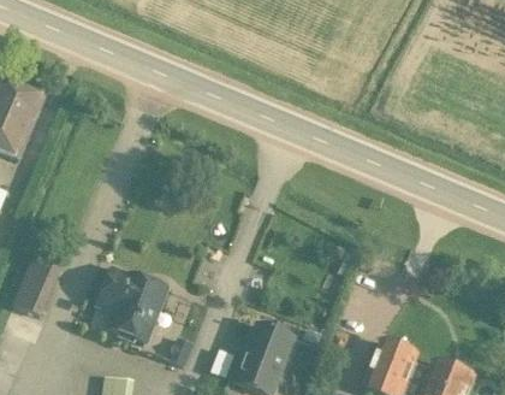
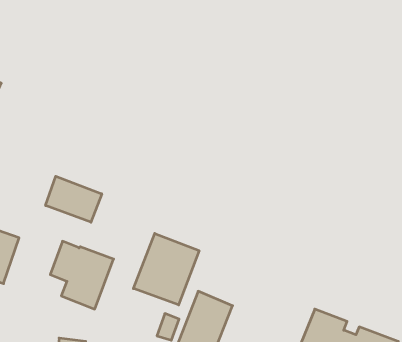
building: none -> [46,176,102,222]
building: none -> [133,233,199,305]

